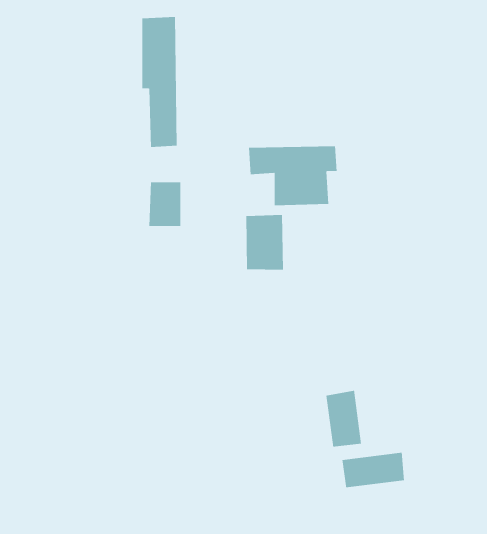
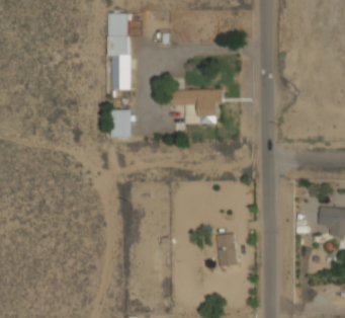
building: [246,214,284,271] -> none
building: [342,452,404,488] -> none

